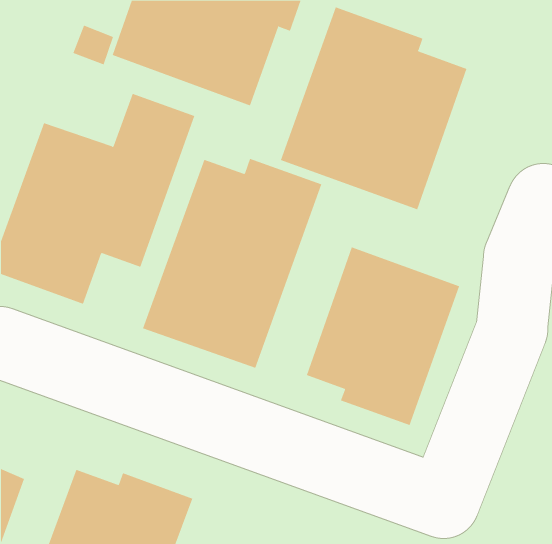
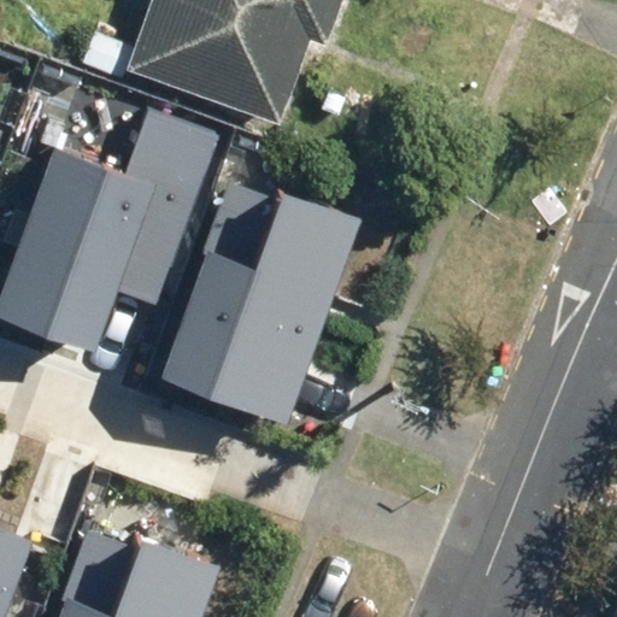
building: [280,7,467,210] -> none
building: [306,246,460,426] -> none

